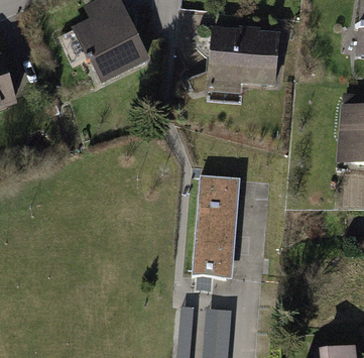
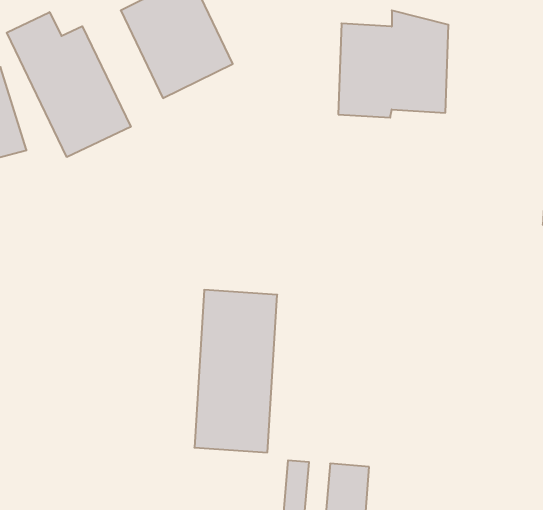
building: none -> [7,12,131,157]
building: [189,173,240,274] -> [194,290,277,452]

